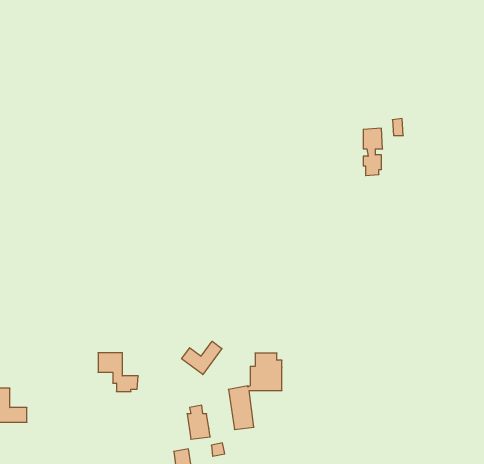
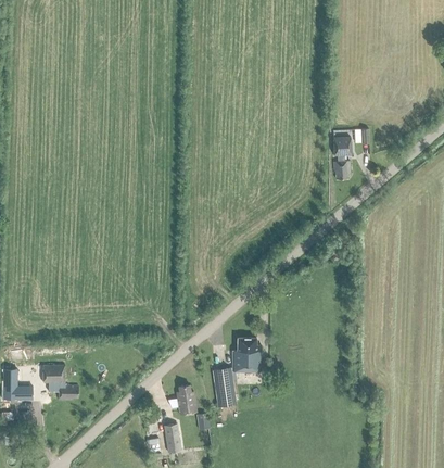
building: [182,341,222,375] -> none
building: [98,353,138,392] -> [42,365,78,400]

